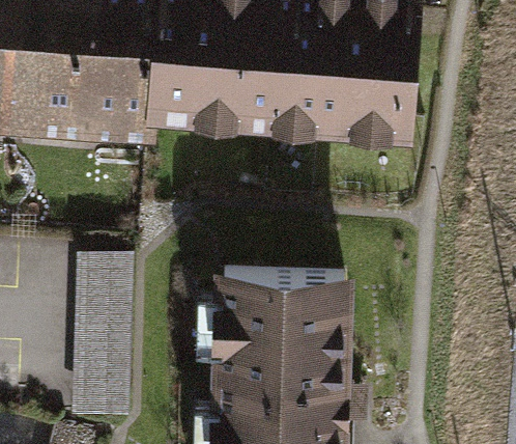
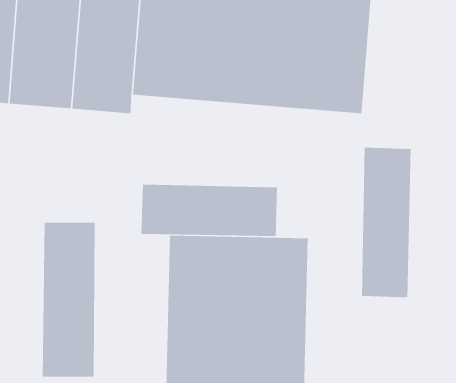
building: none -> [361,147,411,298]
building: none -> [141,184,278,237]

